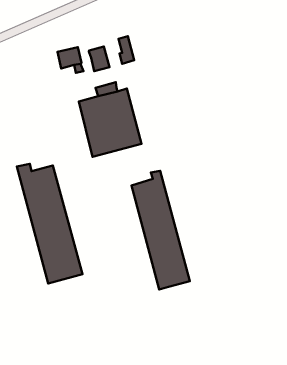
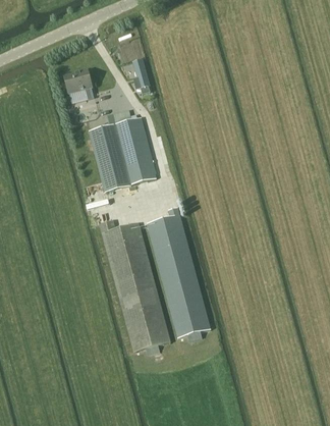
building: [89,47,109,71] -> none
building: [17,164,82,284] -> [99,220,171,353]

